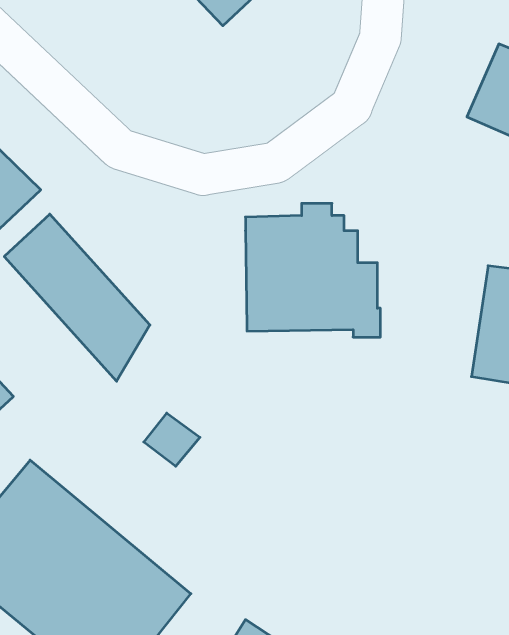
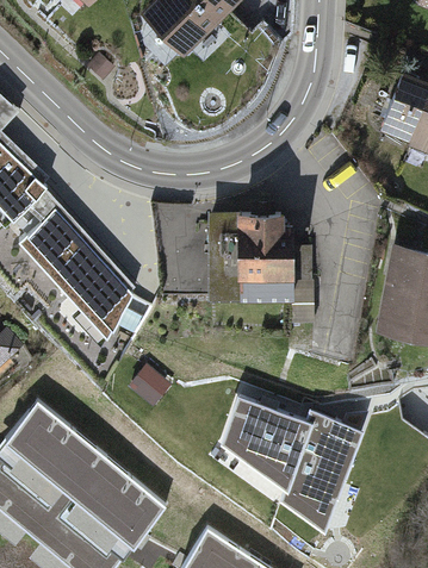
building: none -> [219,394,362,528]

